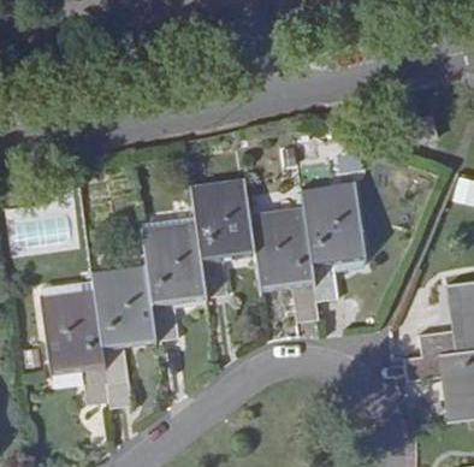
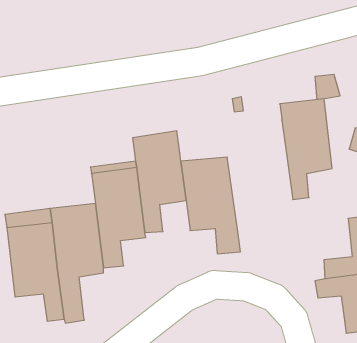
building: [301,183,363,303] -> [280,99,332,200]

